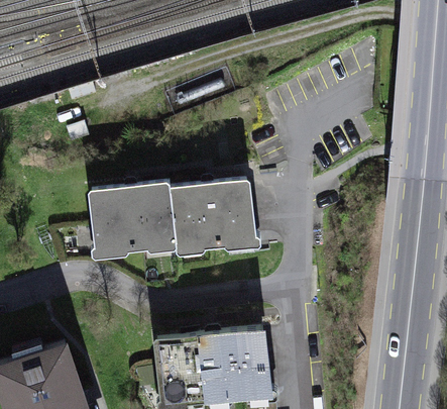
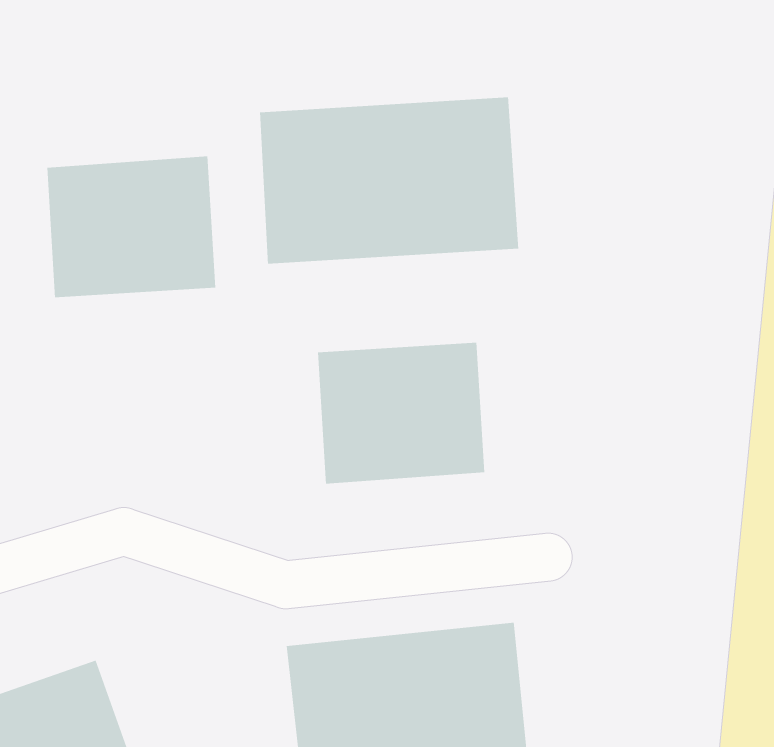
building: none -> [260,97,519,265]
building: [88,186,175,259] -> [46,156,216,298]

